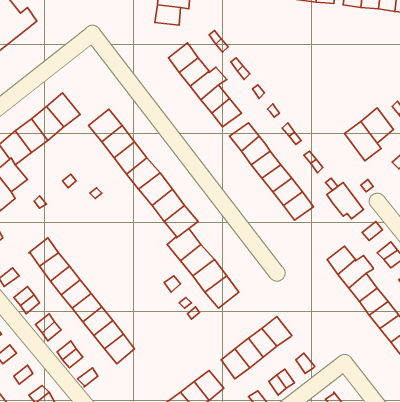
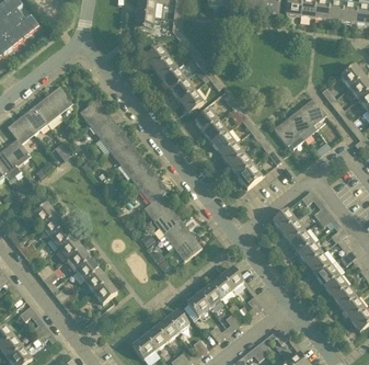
building: [327,182,364,219] -> [273,118,302,148]

